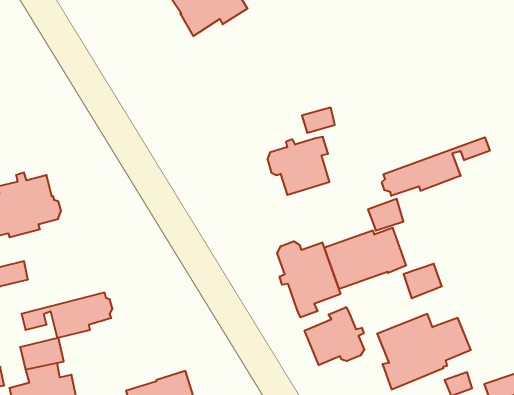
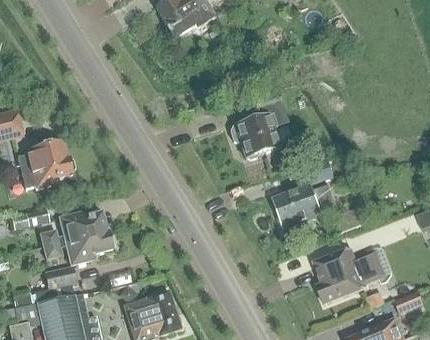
building: [382,137,490,196] -> none
building: [277,241,340,317] -> none
building: none -> [41,211,106,247]
building: [305,307,364,365] -> none

